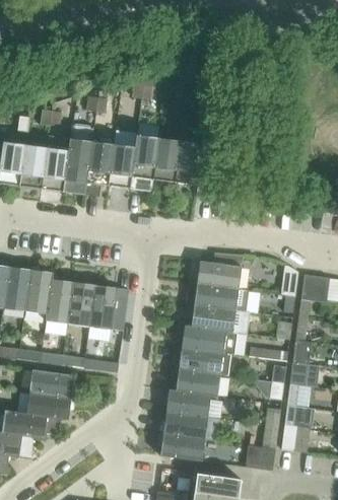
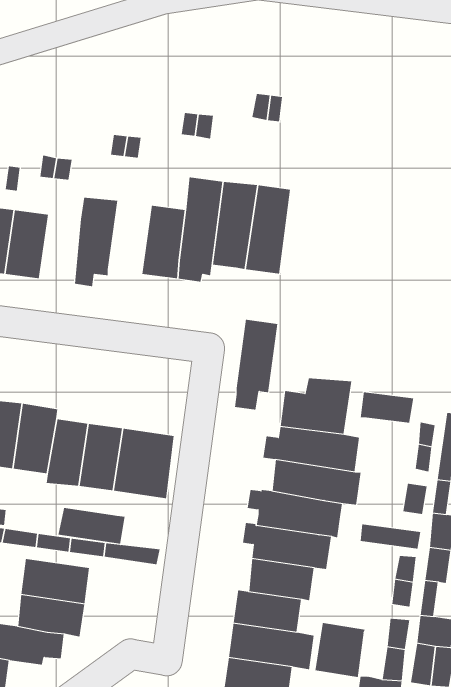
building: [84,138,113,197] -> [234,319,278,410]
building: [41,147,67,192] -> none
building: none -> [360,392,414,424]
building: none -> [58,507,125,545]
building: none -> [315,622,366,678]

